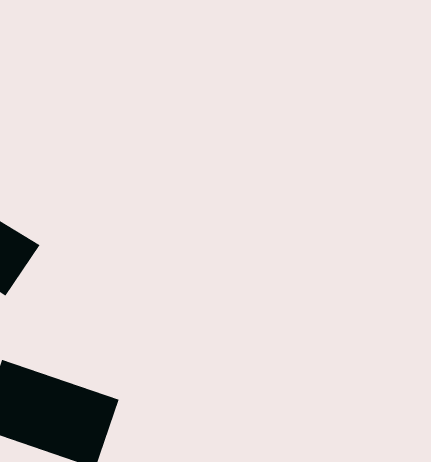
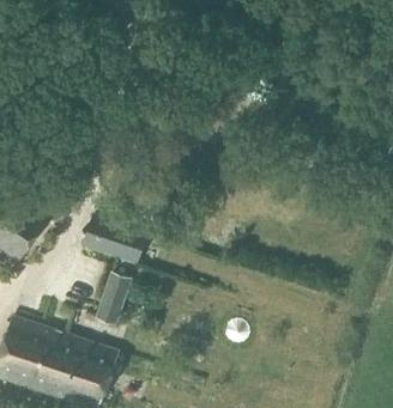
building: none -> [80,212,146,264]
building: none -> [95,272,132,325]

